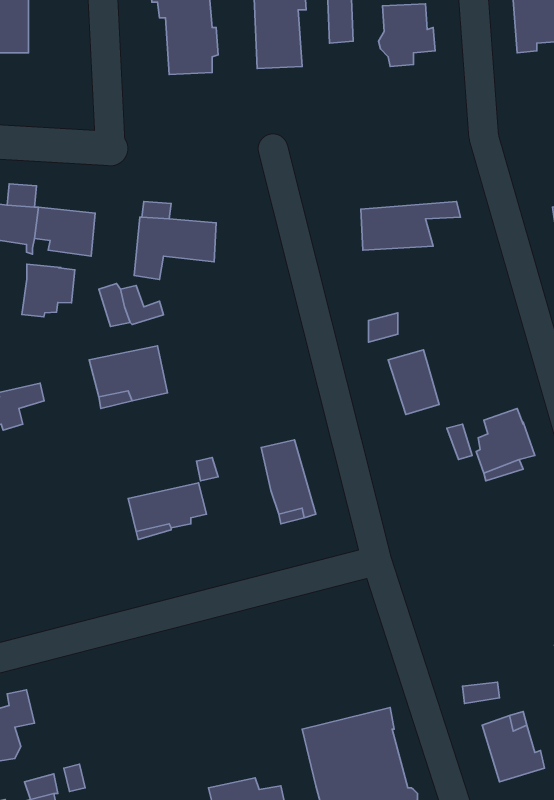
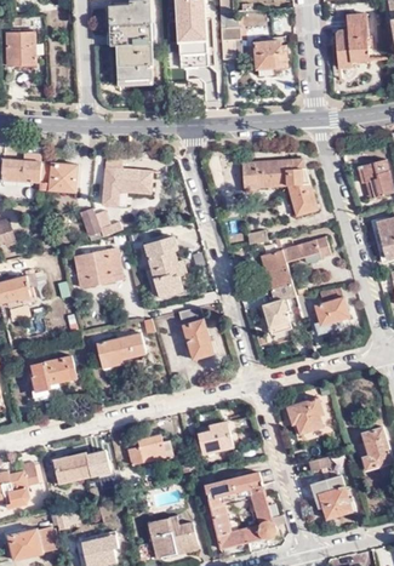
building: none -> [281,168,314,217]
building: [22,264,75,317] -> none
building: none -> [145,236,189,298]
building: none -> [280,238,329,265]
building: none -> [262,285,293,330]
building: none -> [29,356,78,391]
building: none -> [286,396,322,434]
building: none -> [198,422,238,453]
building: none -> [129,435,172,463]
building: none -> [50,453,110,486]

